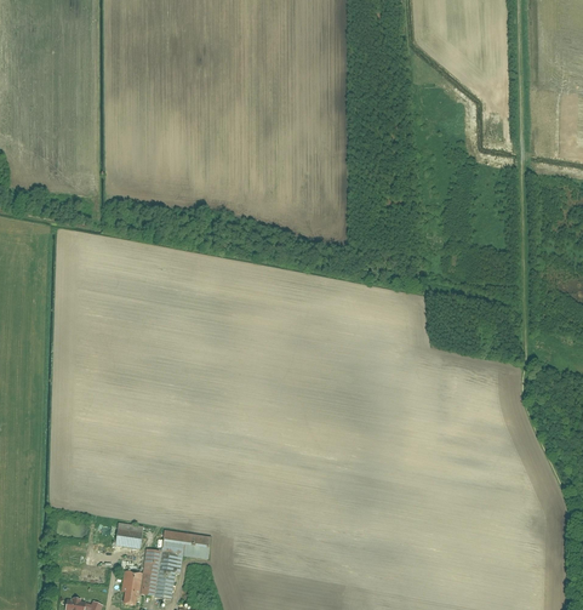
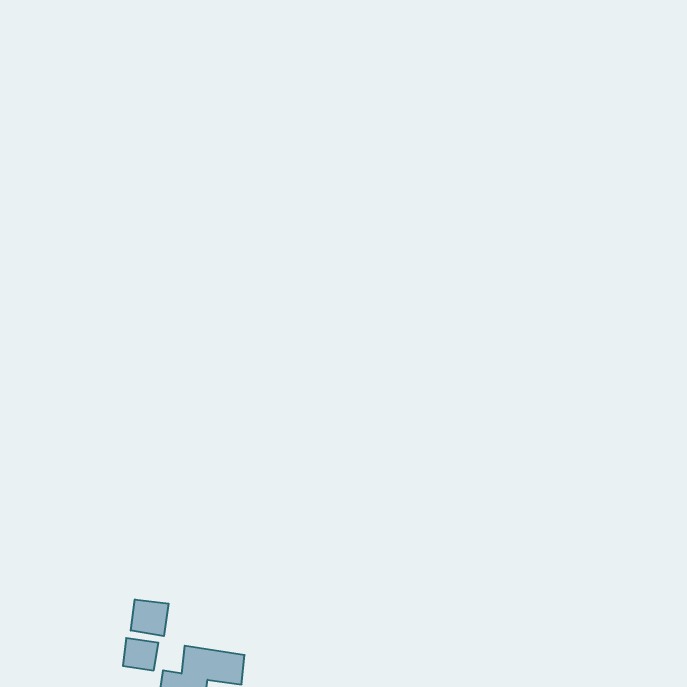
building: none -> [131,599,169,636]

